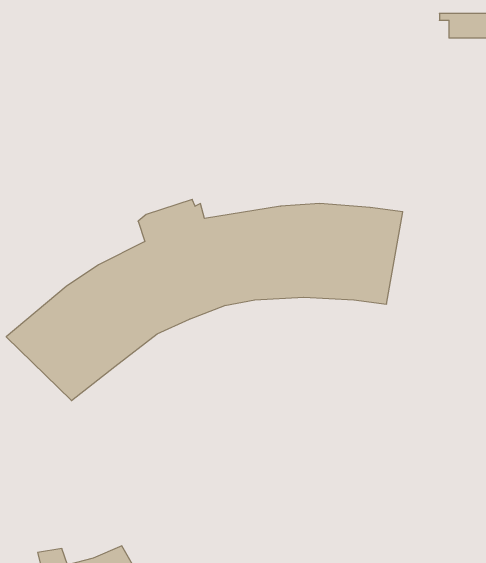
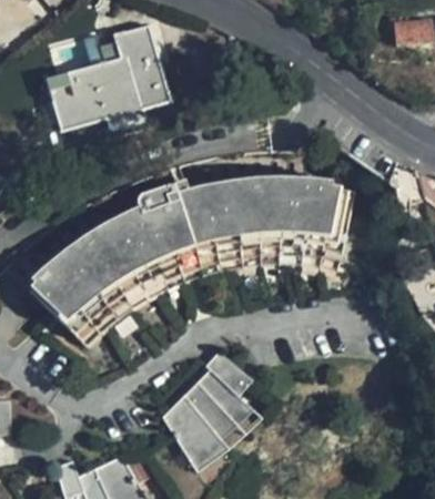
building: none -> [44,23,165,128]
building: none -> [166,337,264,458]

